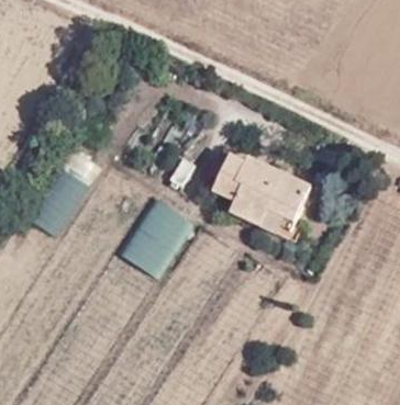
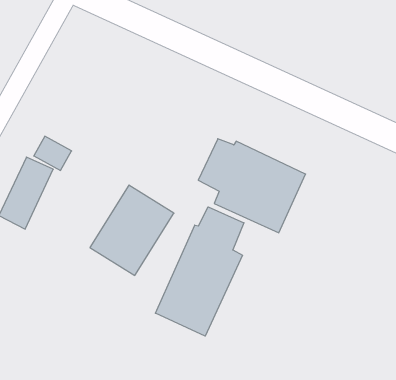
building: none -> [155,207,244,336]

